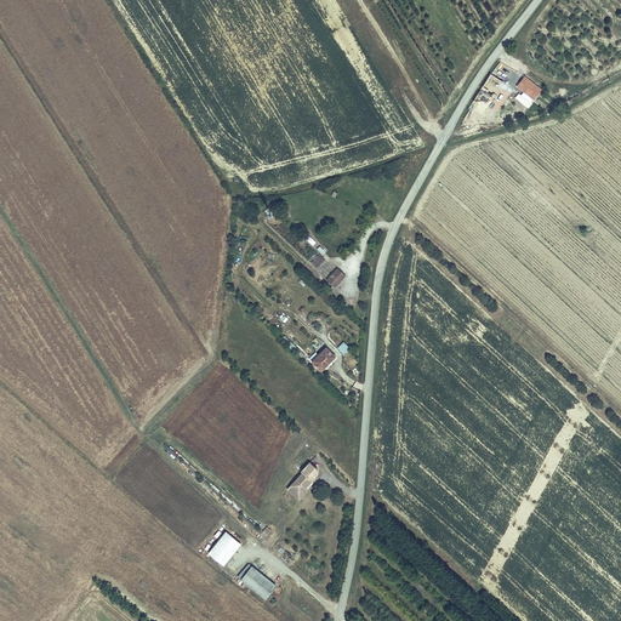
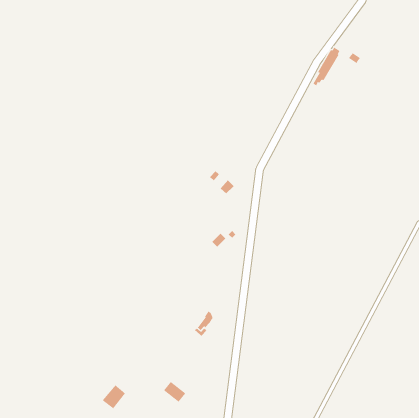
building: [206,530,241,566] -> [102,385,126,409]

